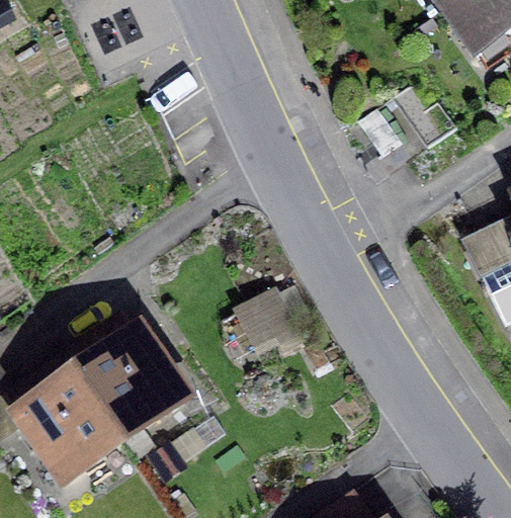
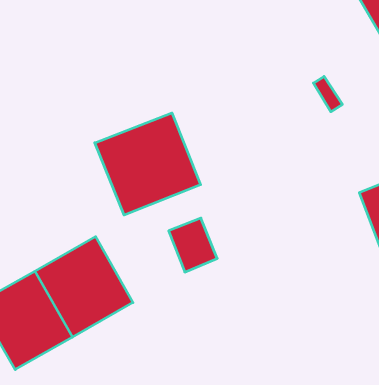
building: none -> [95,113,201,215]

